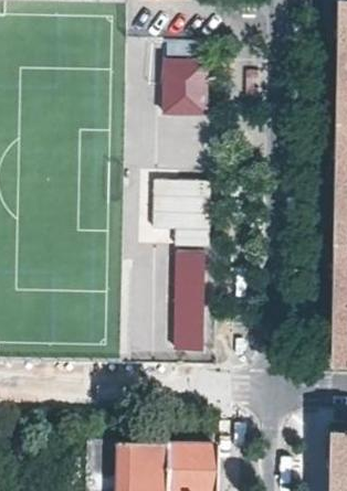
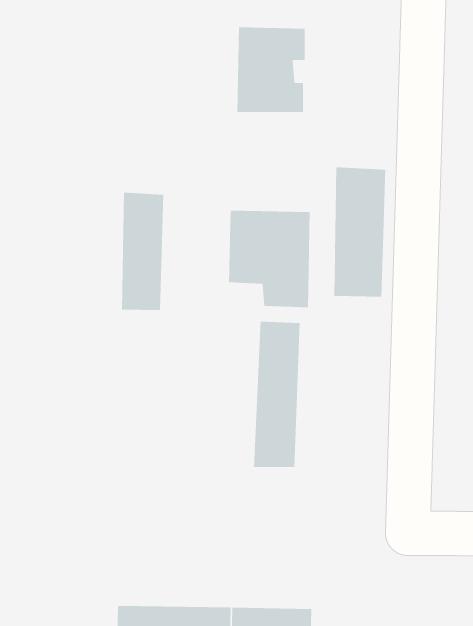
building: none -> [334,166,386,298]
building: none -> [122,192,164,311]

